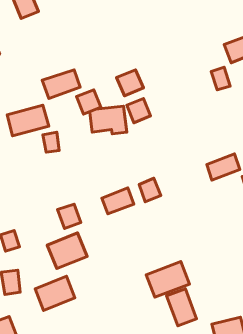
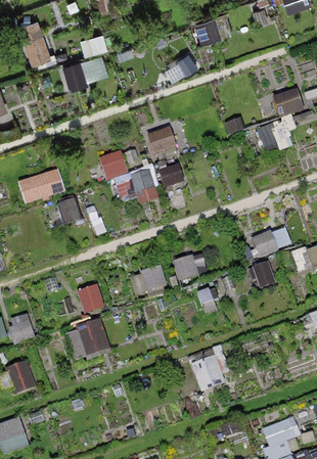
building: [42,70,80,99] -> [63,53,108,87]
building: [35,276,75,310] -> none
building: [167,289,197,326] -> none

